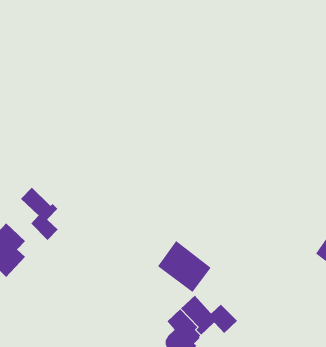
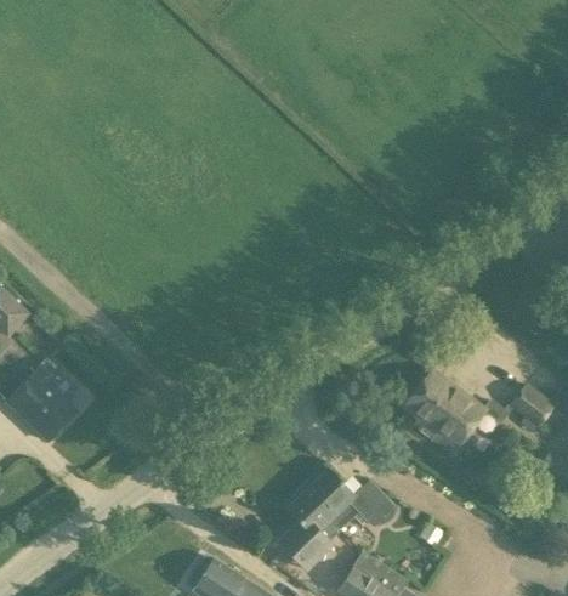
building: [20,187,58,241] -> none
building: [157,240,211,293] -> [404,370,485,449]

